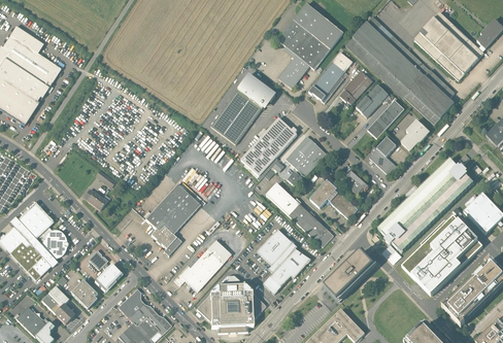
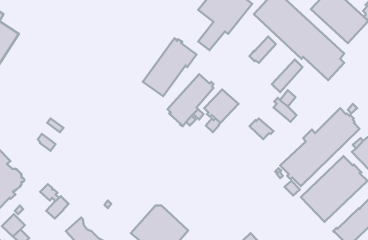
building: [308,50,353,102] -> none
building: [356,83,391,116] -> none
building: [401,119,429,148] -> none
building: [310,179,358,218] -> none
building: [266,181,334,246] -> none
building: [145,183,200,254] -> none
building: [258,229,307,294] -> none
building: [174,239,231,290] -> none
building: [324,249,377,302] -> none
building: [71,279,97,308] -> none

